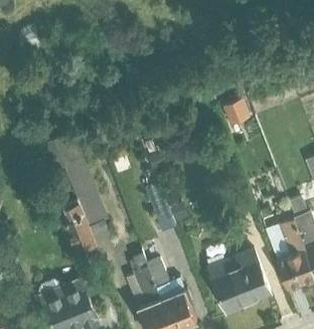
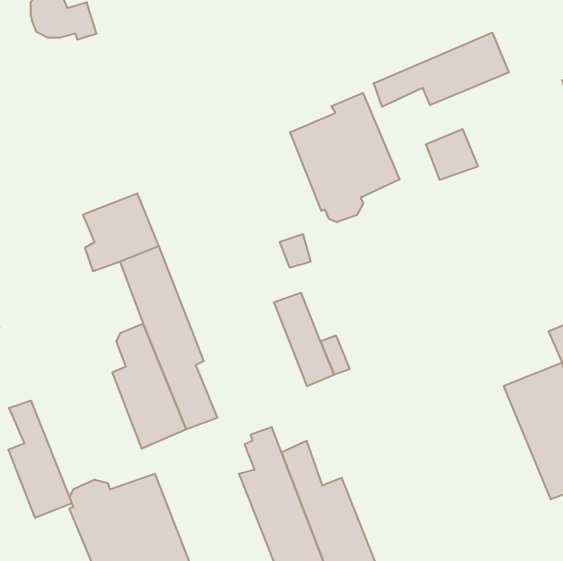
building: none -> [374,33,509,107]
building: none -> [290,93,400,222]
building: none -> [8,401,72,518]
building: [205,248,270,314] -> none

